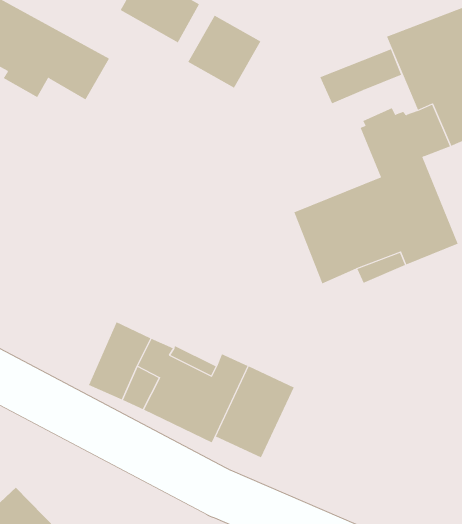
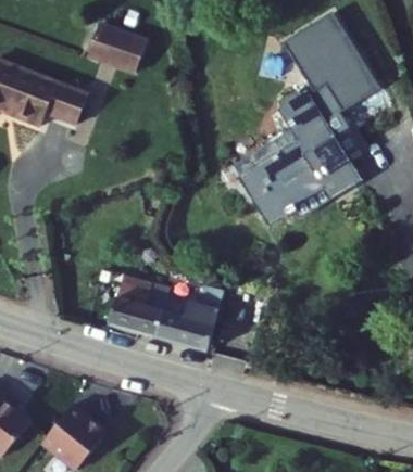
building: [188,15,261,89] -> none
building: [320,48,402,104] -> none
building: [215,366,294,458] -> none

